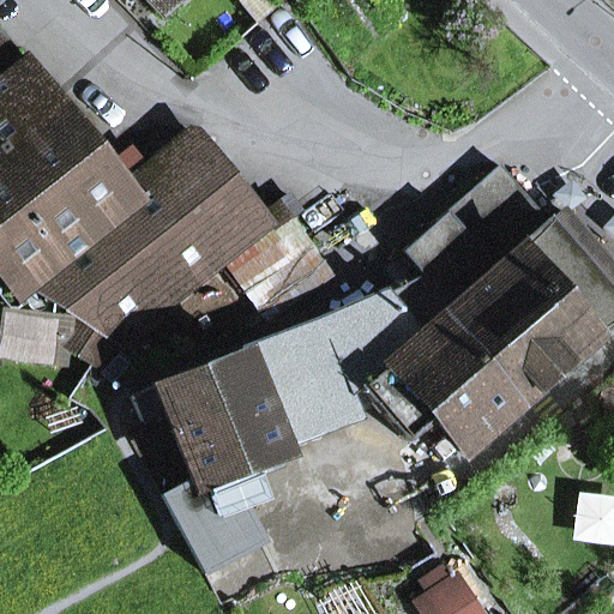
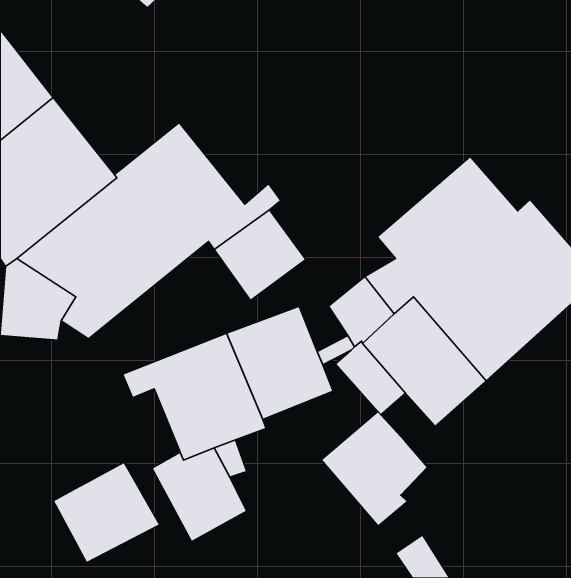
building: none -> [321,412,428,526]
building: none -> [53,462,160,563]

